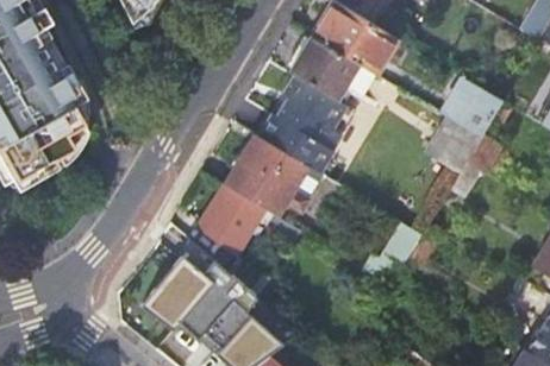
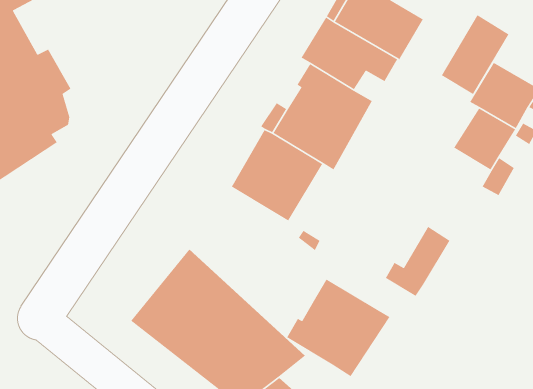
building: none -> [441,14,510,95]
building: [202,185,267,257] -> none
building: none -> [286,279,390,377]

